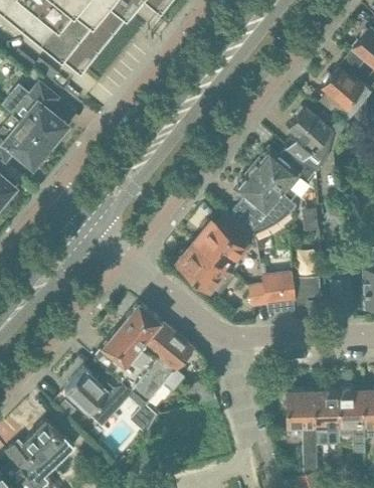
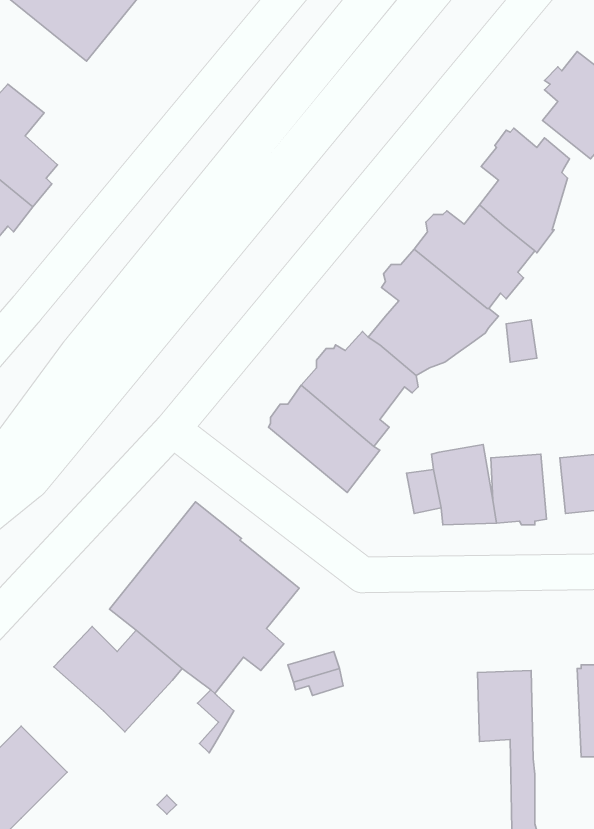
building: [315,388,341,446] -> none

